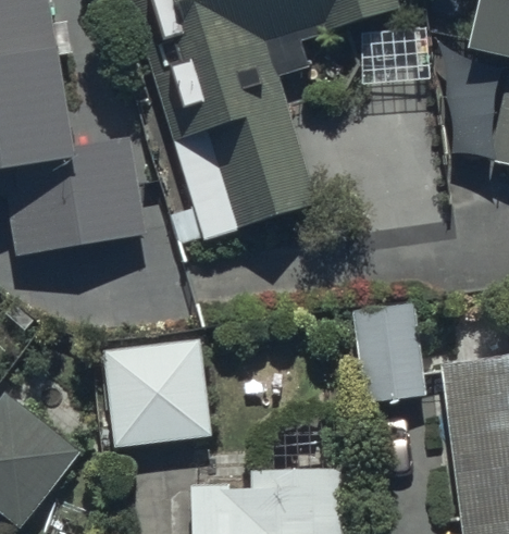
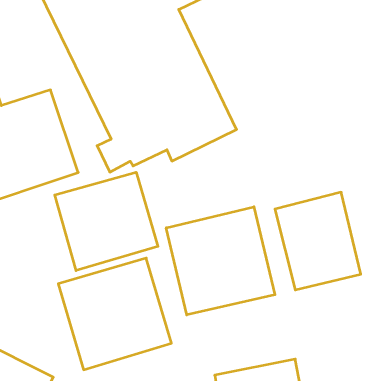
building: none -> [55,172,158,271]
building: none -> [166,207,275,315]

